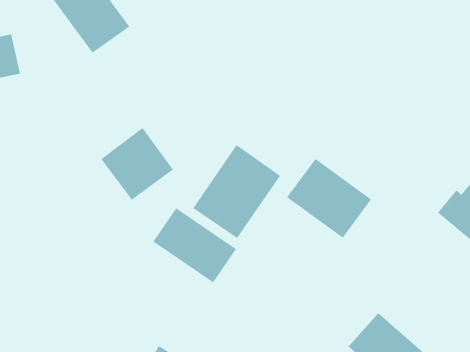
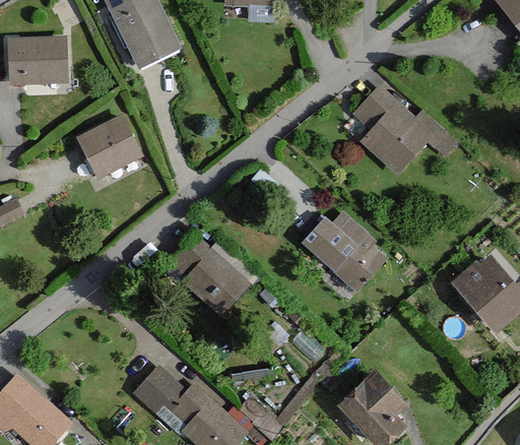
building: none -> [347,83,453,171]
building: [101,127,174,201] -> [73,110,143,180]
building: [193,144,281,239] -> none

